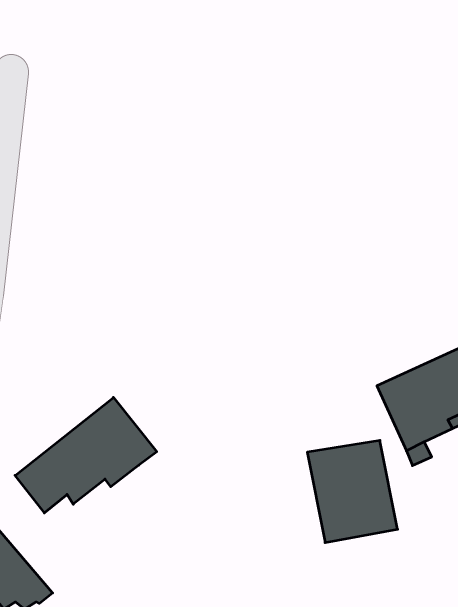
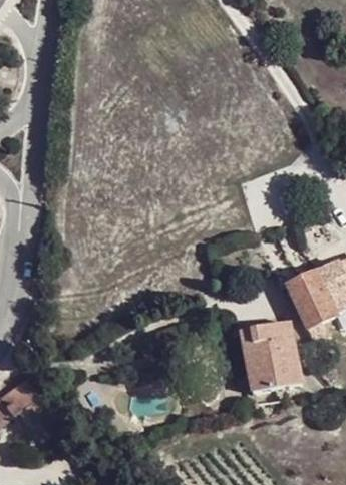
building: [15,397,157,513] -> none

